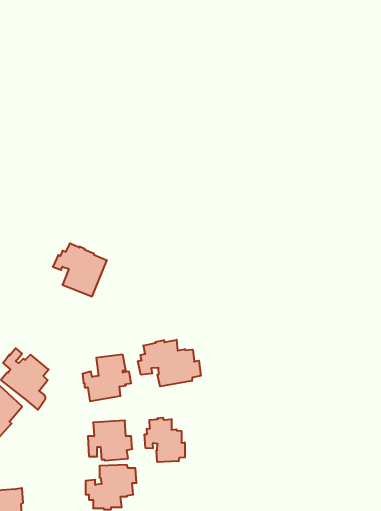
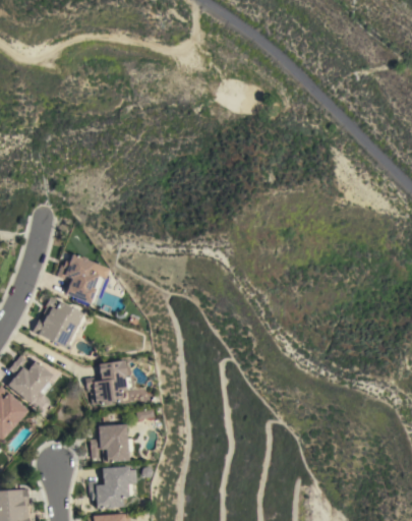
building: none -> [33,296,83,348]
building: [138,340,201,386] -> none
building: [145,418,185,462] -> none

